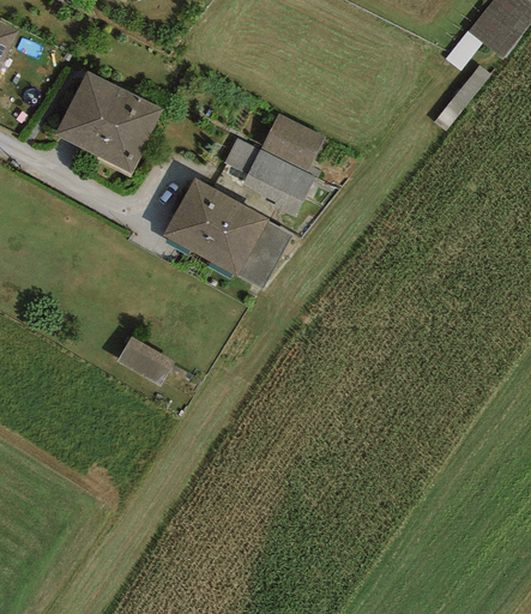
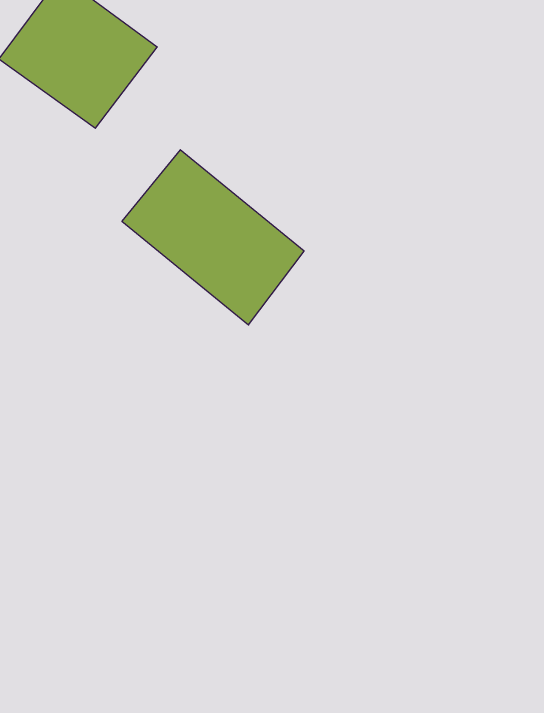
building: [224,113,324,216] -> none
building: [116,337,173,386] -> none

